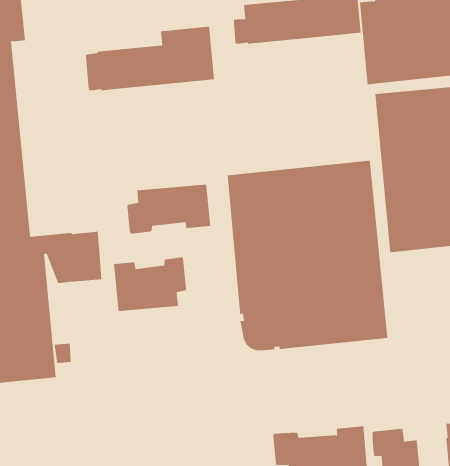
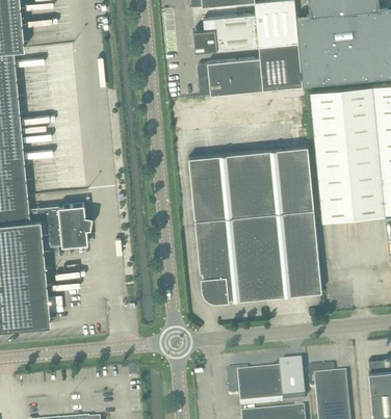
building: [85,26,215,91] -> [198,43,304,96]
building: [127,184,211,235] -> none
building: [113,257,187,312] -> none

